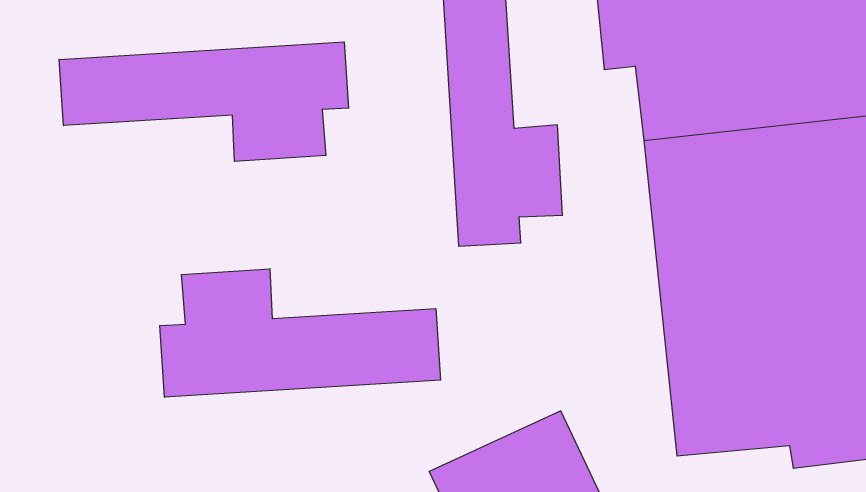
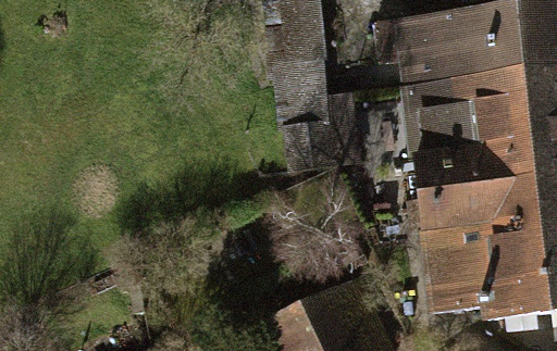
building: [59,42,349,161] -> none
building: [160,269,441,397] -> none

